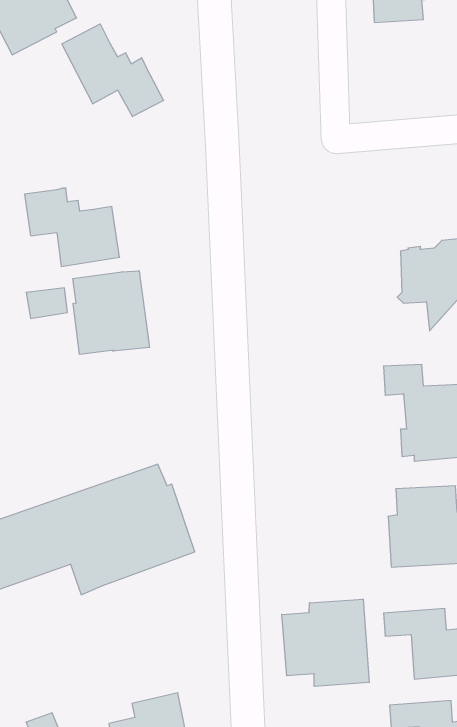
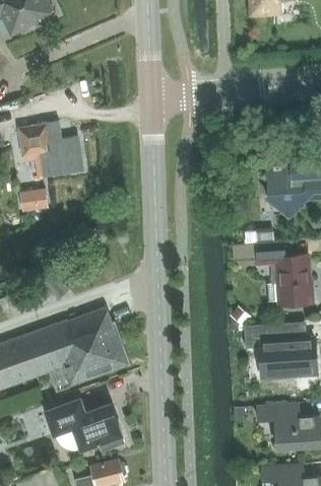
building: [62,24,164,117] -> none
building: [73,271,150,354] -> none
building: [282,599,369,686] -> none
building: none -> [45,399,124,452]

